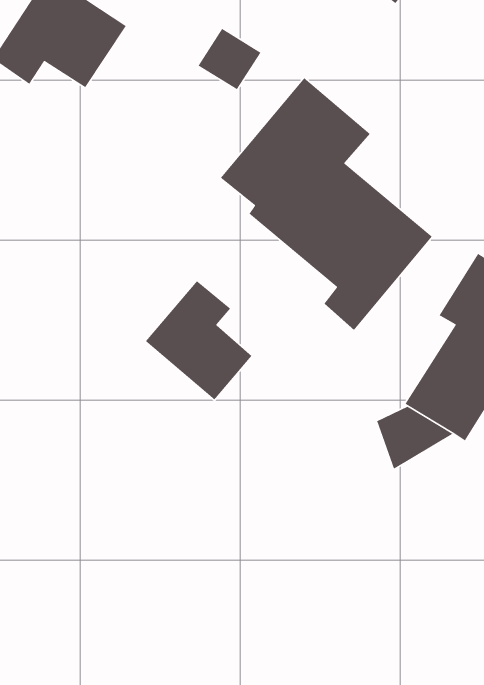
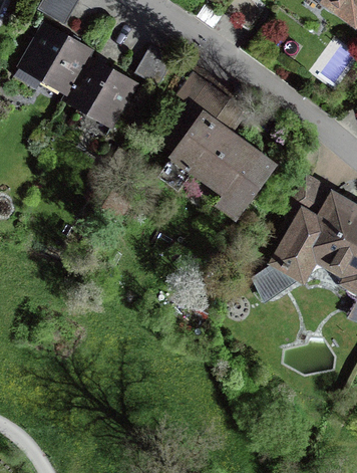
building: none -> [66,51,135,123]
building: [145,280,253,400] -> none

